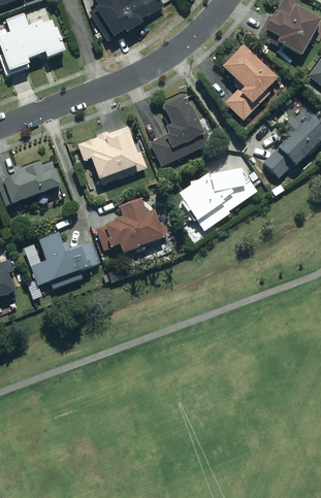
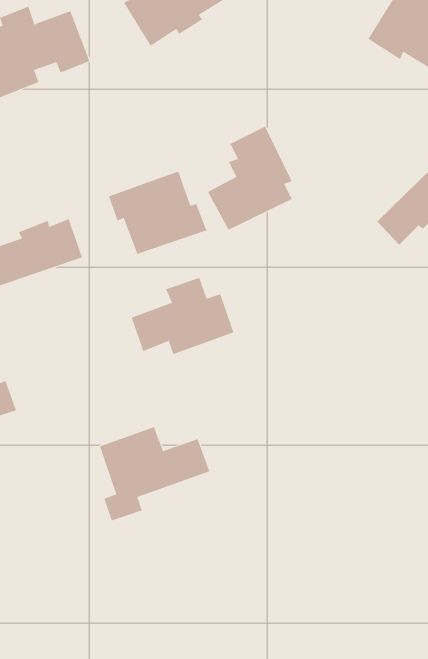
building: [221,42,278,119] -> none
building: [175,168,257,232] -> none
building: [24,233,100,298] -> [99,427,210,521]

